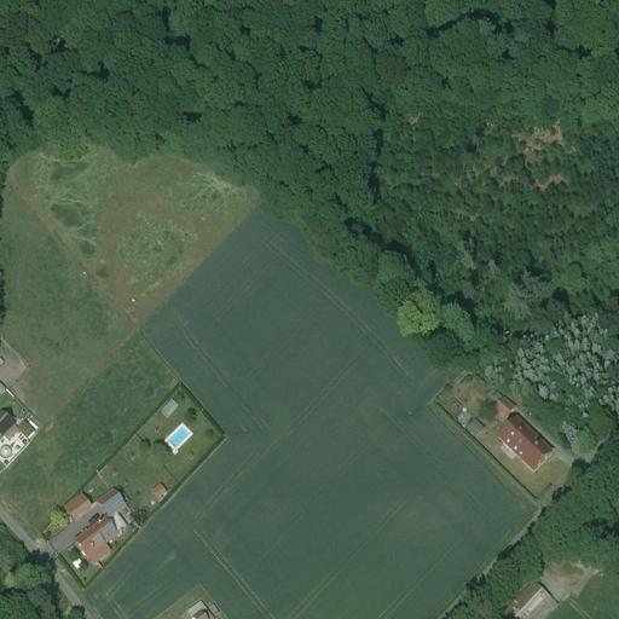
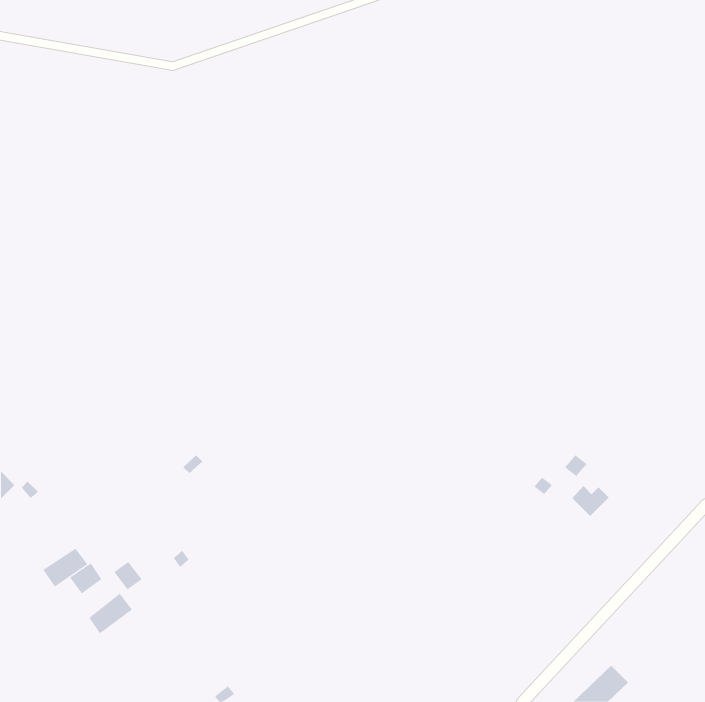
building: [517,435,551,469] -> none
building: none -> [42,548,88,587]

